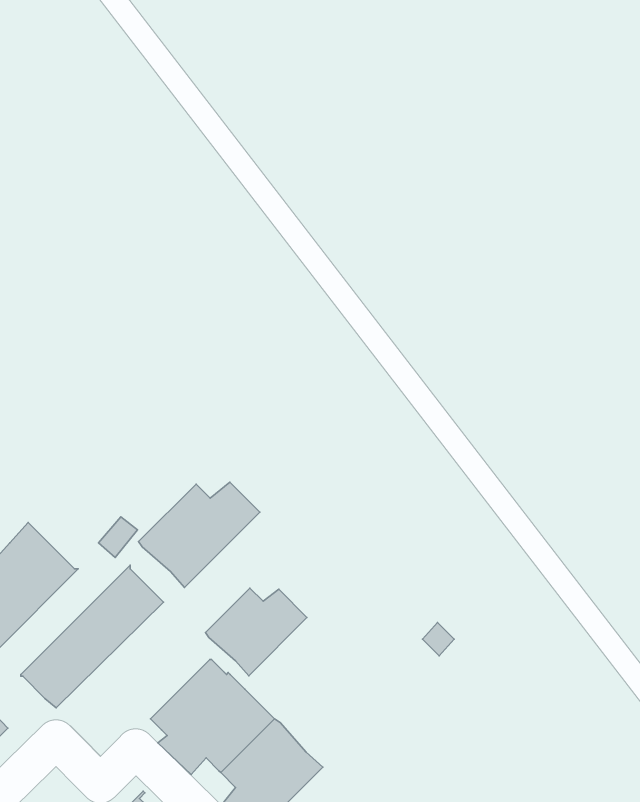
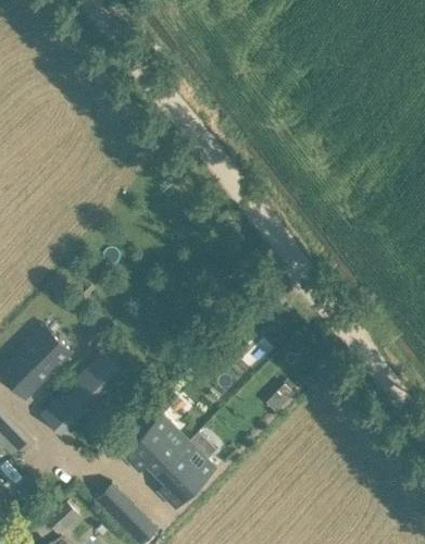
building: [139,482,260,588] -> none
building: [205,588,307,676] -> none

